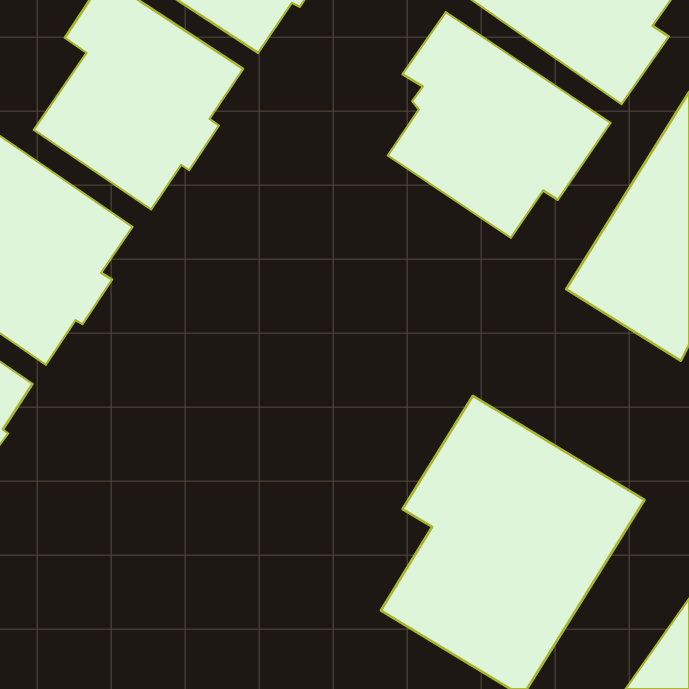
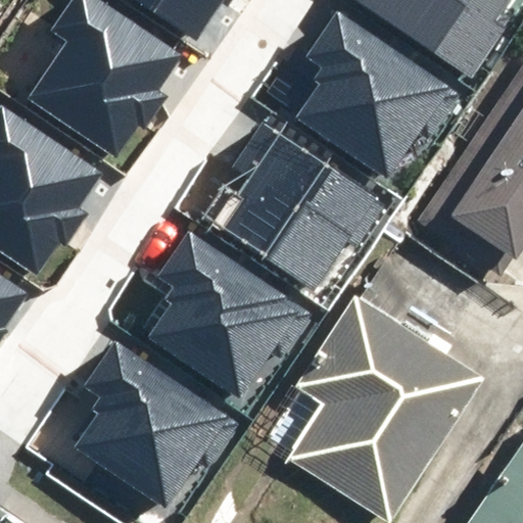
building: none -> [221,121,386,291]
building: none -> [146,231,312,398]
building: none -> [73,339,239,508]

